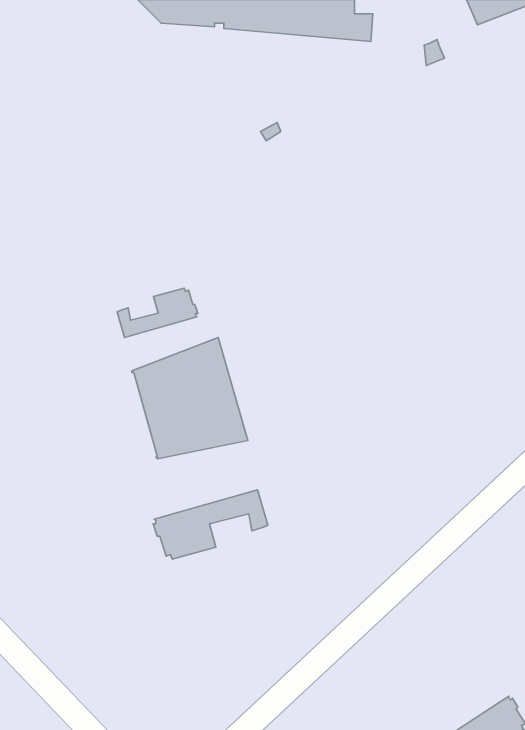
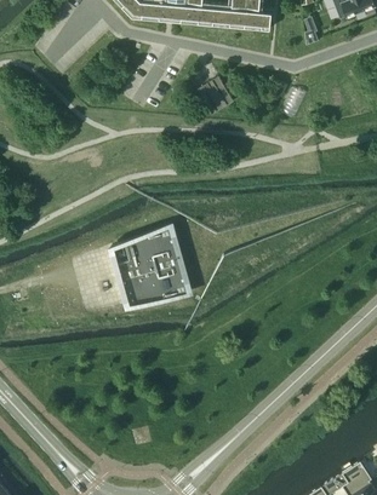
building: [117,288,198,337] -> none
building: [153,490,268,559] -> none

